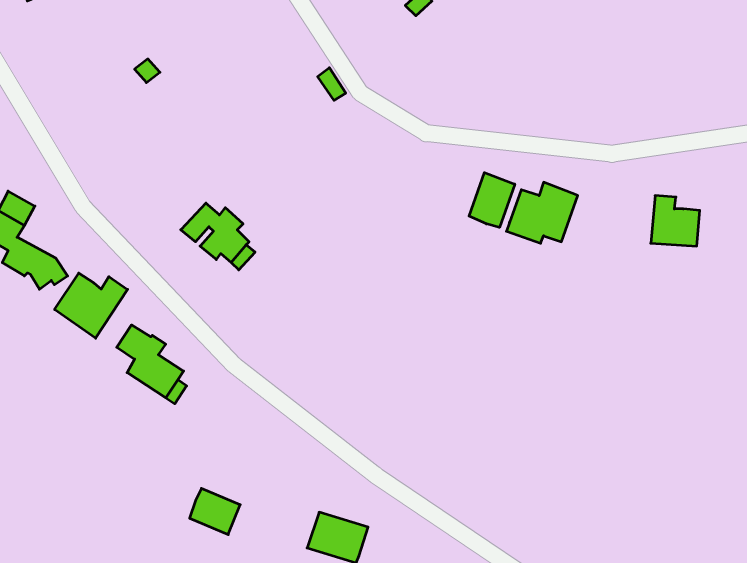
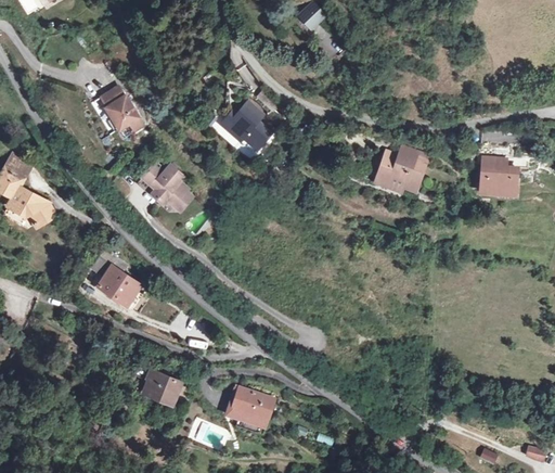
building: none -> [100,88,143,133]
building: none -> [220,102,274,151]
building: [469,173,515,227] -> none
building: [55,273,128,338] -> none

